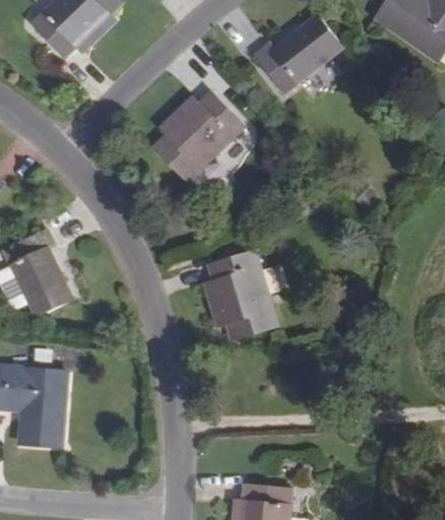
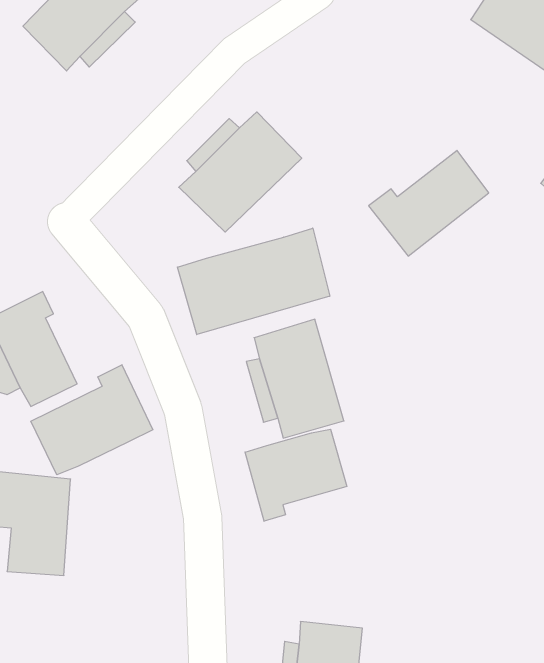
building: [251,13,343,94] -> [369,150,489,256]
building: none -> [177,228,330,335]
building: none -> [31,365,153,475]
building: none -> [245,429,347,521]

